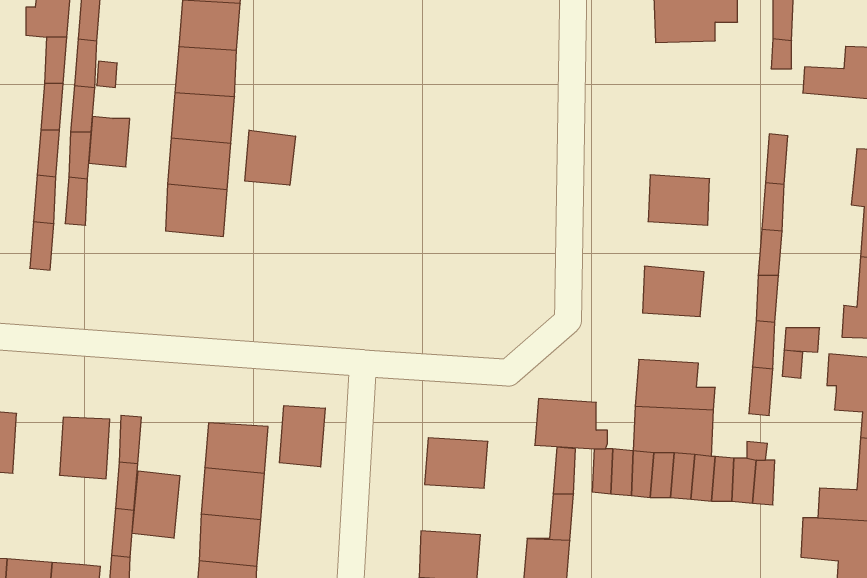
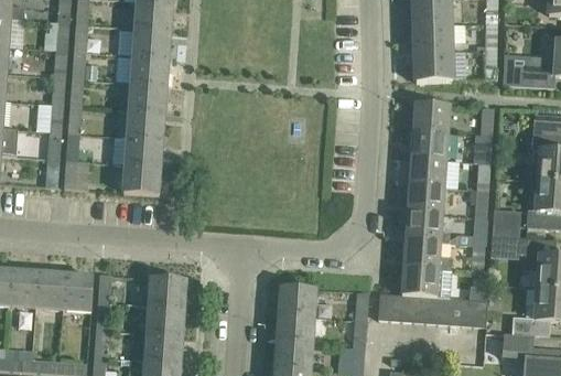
building: none -> [416,51,452,79]
building: [89,117,130,167] -> [64,159,88,189]
building: none -> [412,101,450,132]
building: [245,130,295,185] -> none
building: none -> [409,158,452,187]
building: none -> [123,163,160,193]
building: [535,399,607,449] -> [406,212,449,241]
building: [279,406,325,467] -> none
building: none -> [35,271,65,308]
building: [132,471,180,538] -> none
building: none -> [277,313,314,343]

